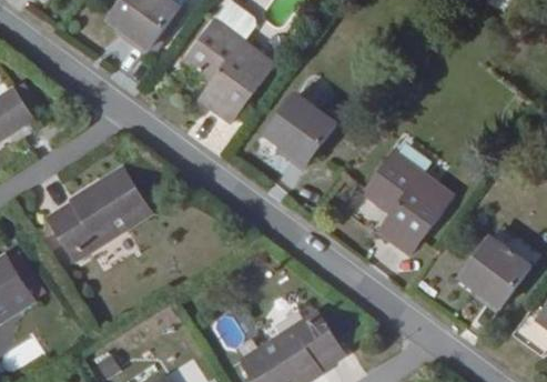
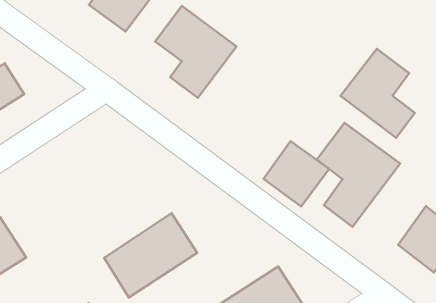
building: none -> [341,49,415,138]
building: [265,92,338,165] -> [264,141,329,207]
building: [50,167,154,261] -> [104,213,197,297]

